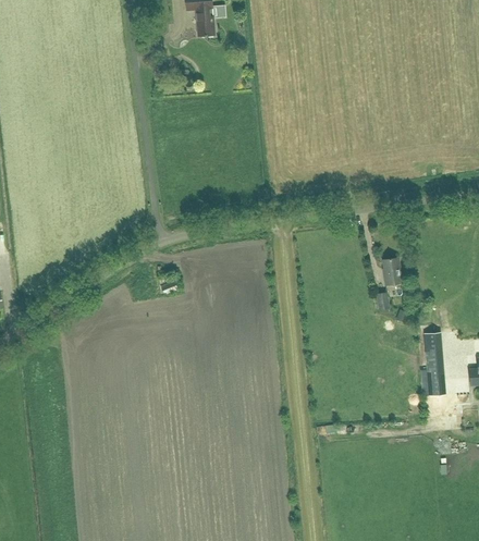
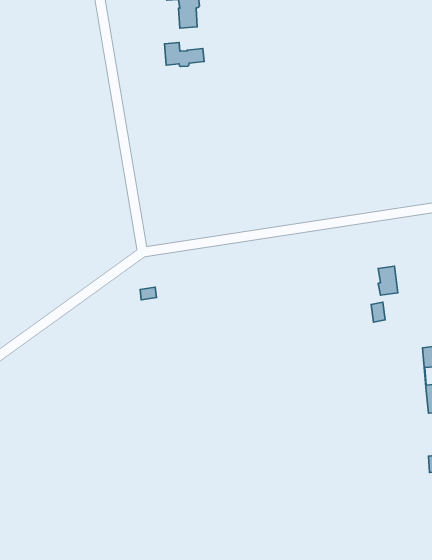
building: none -> [165,42,204,66]

